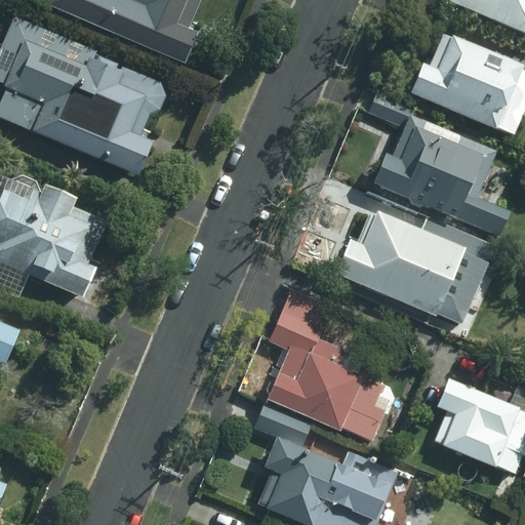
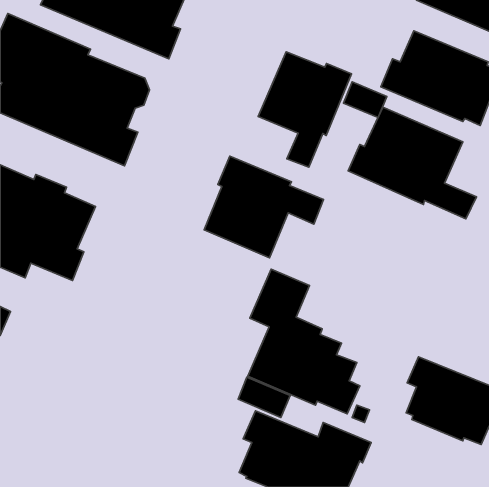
building: none -> [258,52,352,167]
building: none -> [204,156,323,258]
building: [334,210,497,322] -> none

